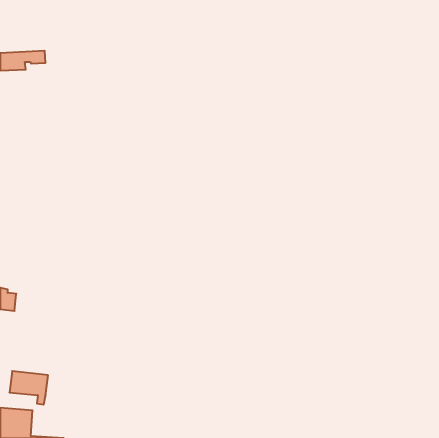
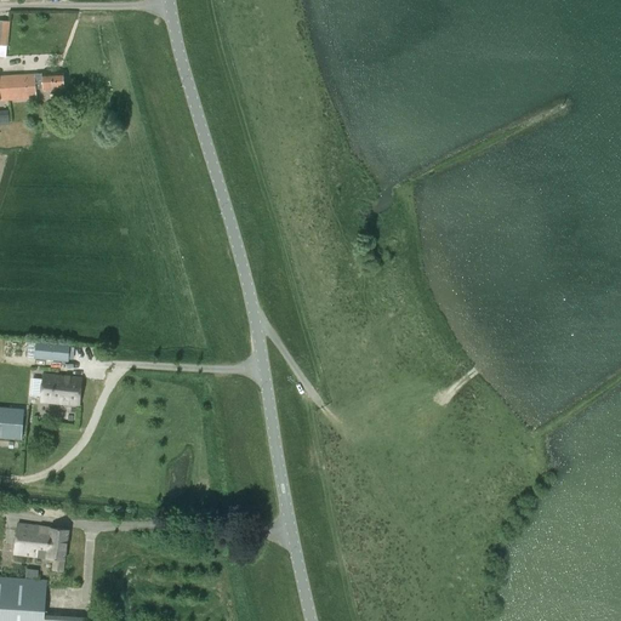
building: none -> [27,340,69,360]
building: none -> [40,374,81,405]

